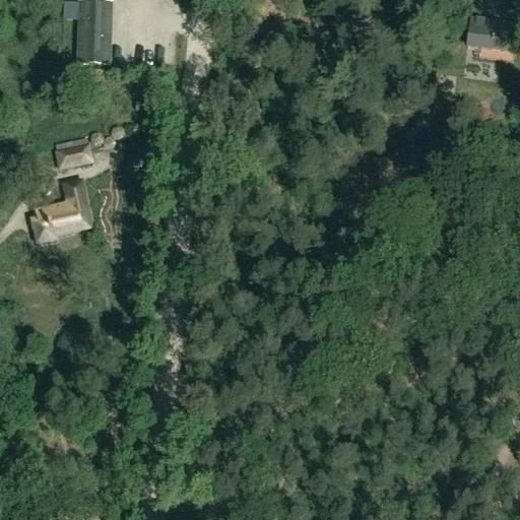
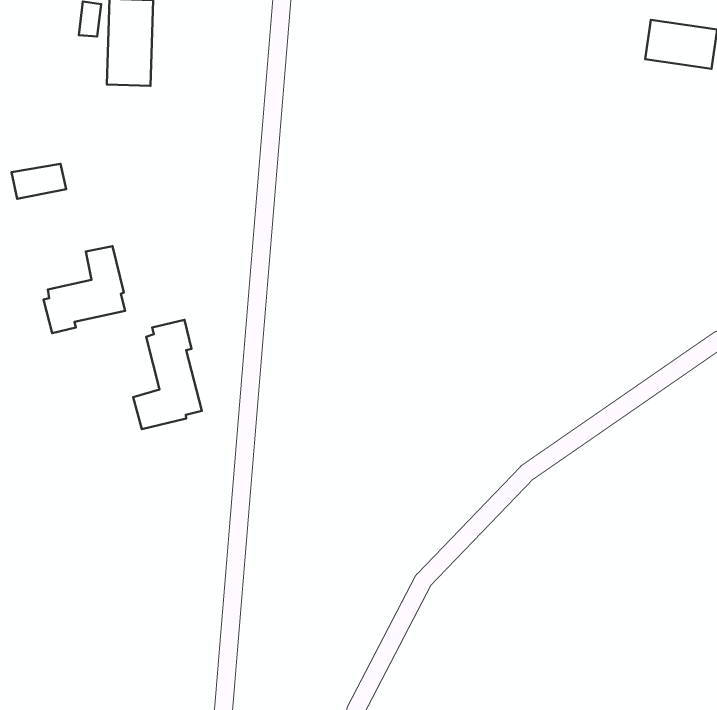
building: [54,142,93,168] -> [11,164,66,199]
building: none -> [133,320,202,429]

